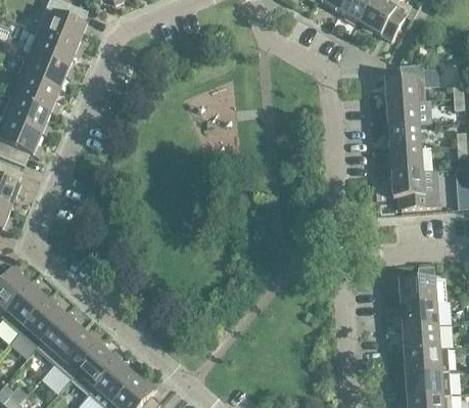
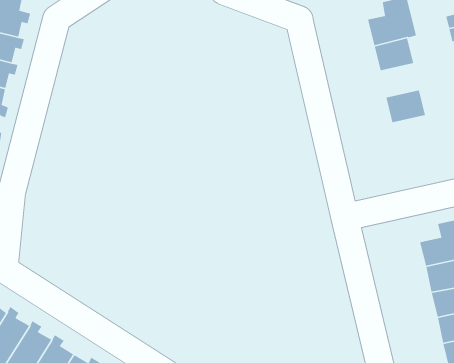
building: [388,124,420,149] -> none
building: [391,170,432,209] -> none

